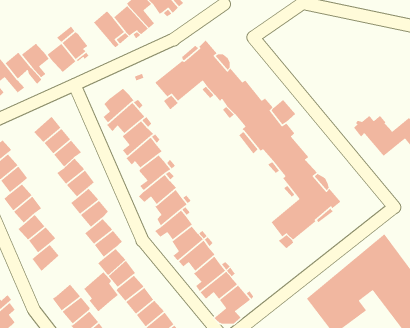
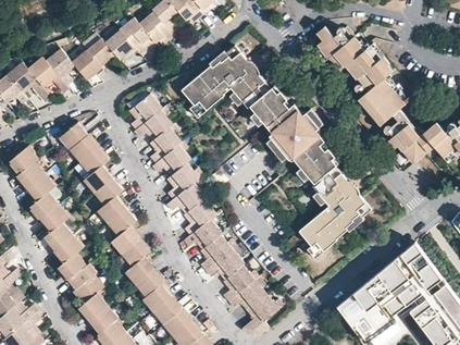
building: none -> [318,25,407,125]
building: none -> [107,29,138,60]
building: [83,272,119,312] -> [67,263,103,305]

